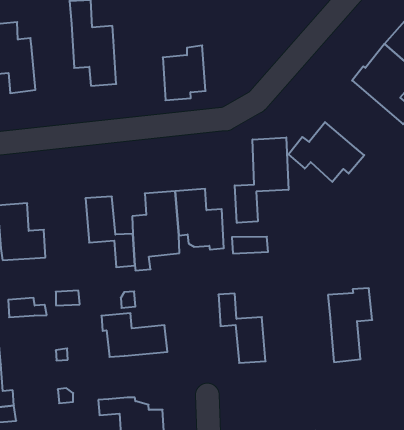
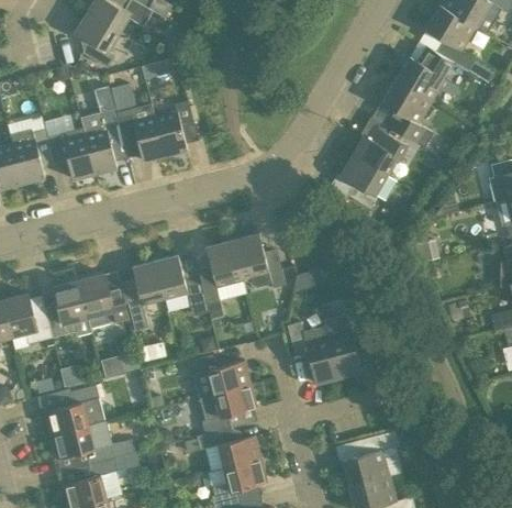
building: none -> [79,109,124,173]
building: [163,45,206,100] -> [155,101,198,155]
building: none -> [354,122,407,176]
building: [235,137,288,223] -> none
building: none -> [126,261,164,331]
building: [328,288,372,362] -> [322,307,365,377]
building: none -> [199,384,255,434]

